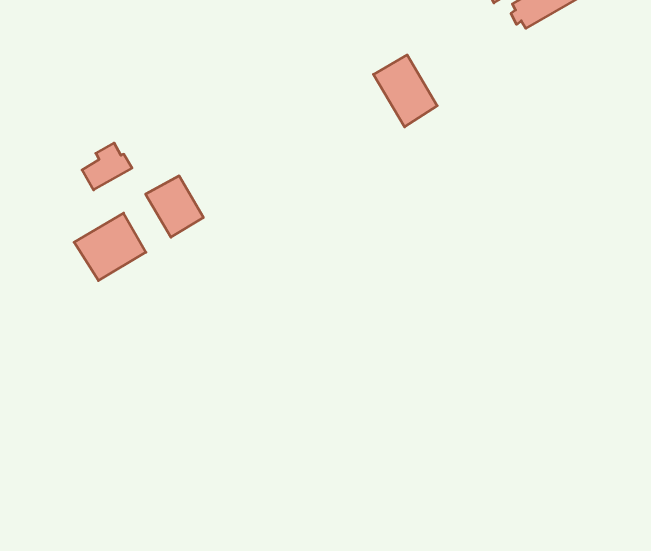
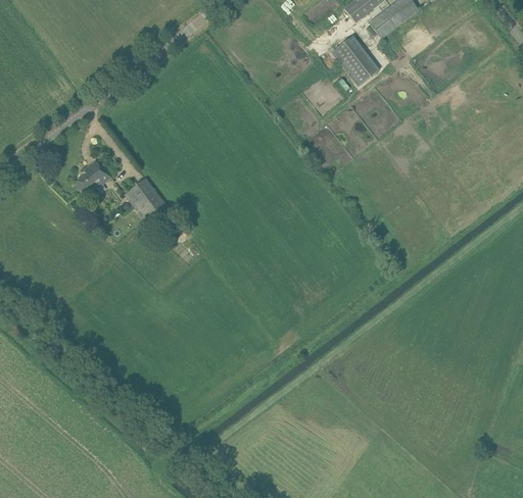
building: [373,55,437,127] -> [331,34,380,86]
building: [74,213,146,281] -> none

